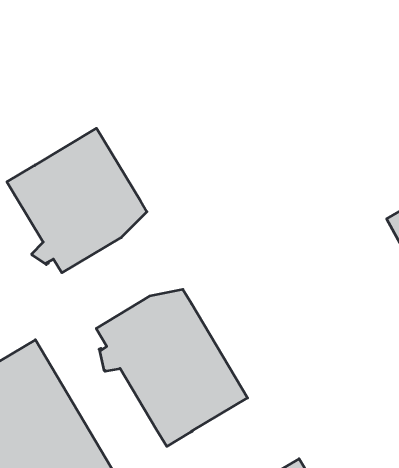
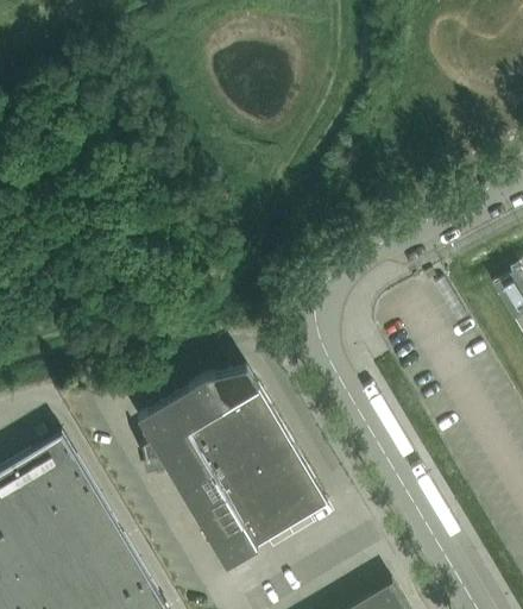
building: [7,128,147,273] -> none

